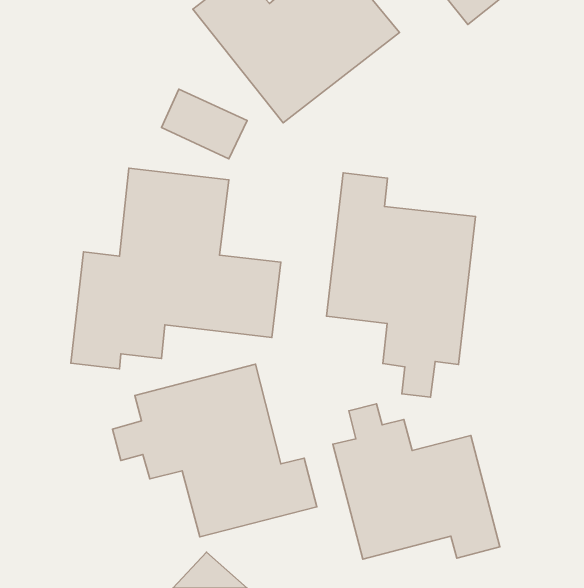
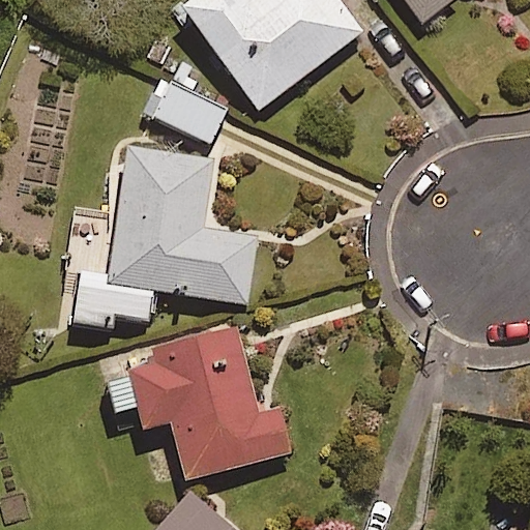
building: [327,173,476,397] -> none
building: [333,404,500,559] -> none

